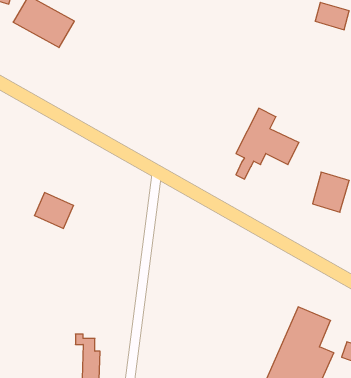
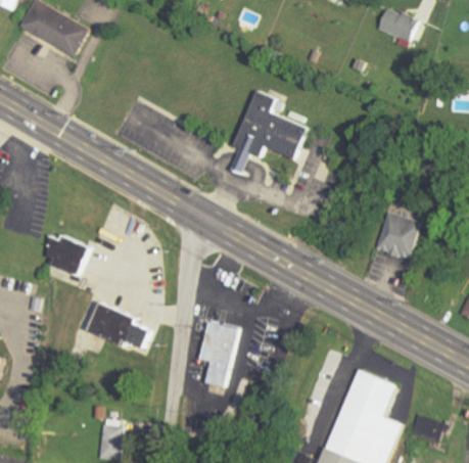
building: [236,108,299,179] -> [229,90,304,175]
building: none -> [90,307,151,355]
building: none -> [197,323,237,398]

